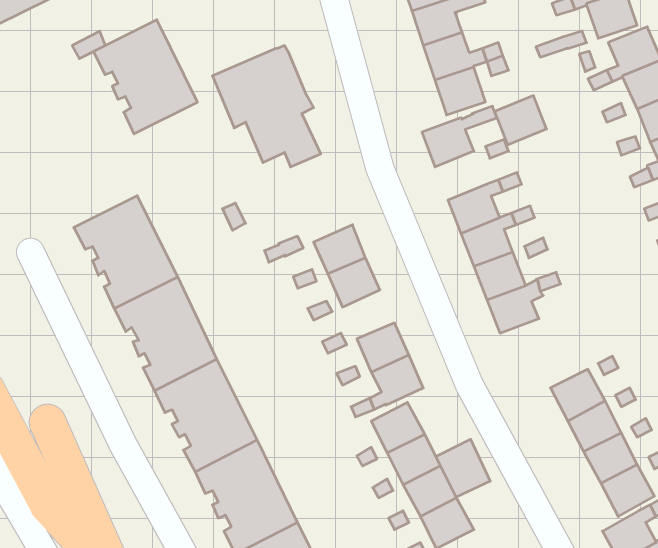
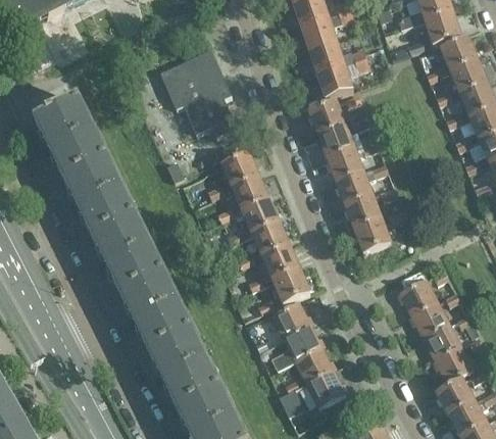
building: [93,20,197,134] -> [35,99,108,180]
building: [495,96,547,145] -> [318,126,355,160]
building: none -> [222,154,260,190]
building: none -> [253,224,290,258]
building: [436,439,490,497] -> none

